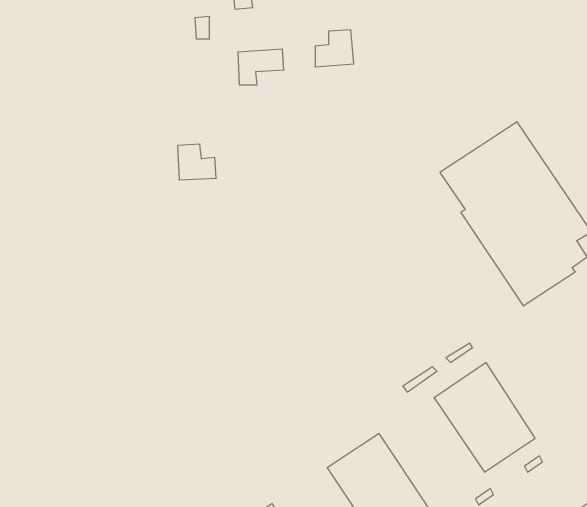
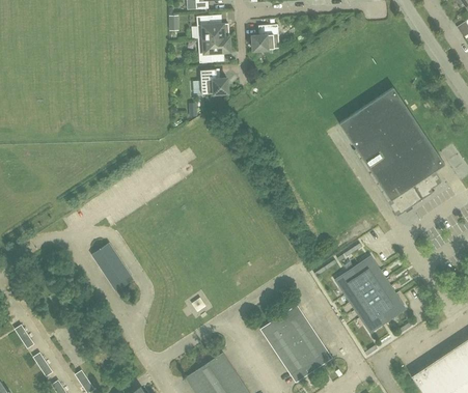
building: none -> [196,16,229,39]
building: [178,144,216,180] -> [200,68,227,93]
building: none -> [92,244,134,291]

